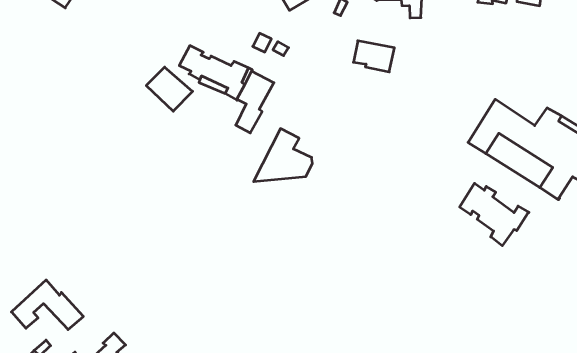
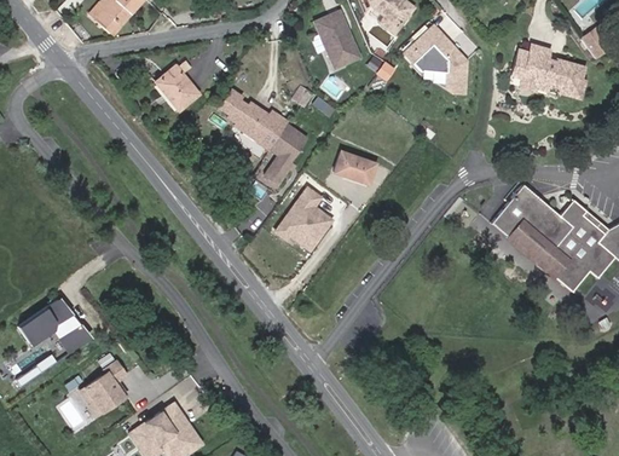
building: [353,41,394,72] -> [334,151,376,186]
building: [146,67,193,111] -> [155,65,199,110]
building: [460,183,529,246] -> none

